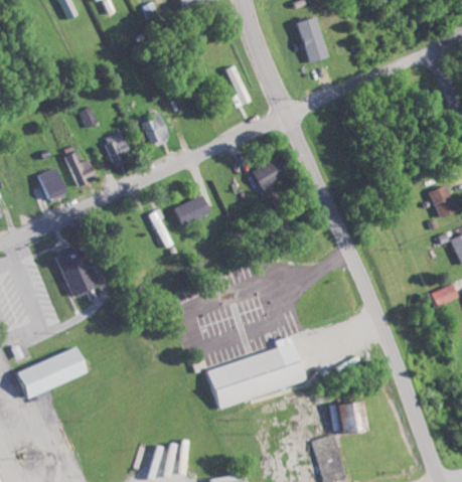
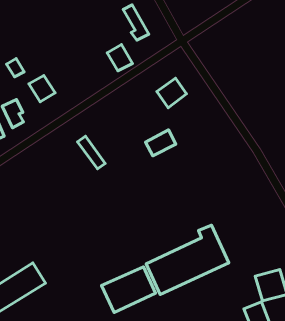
building: [142,113,169,143] -> [107,44,132,71]
building: [174,196,209,223] -> [145,130,176,156]
building: [54,248,94,295] -> none
building: none -> [102,267,155,313]

